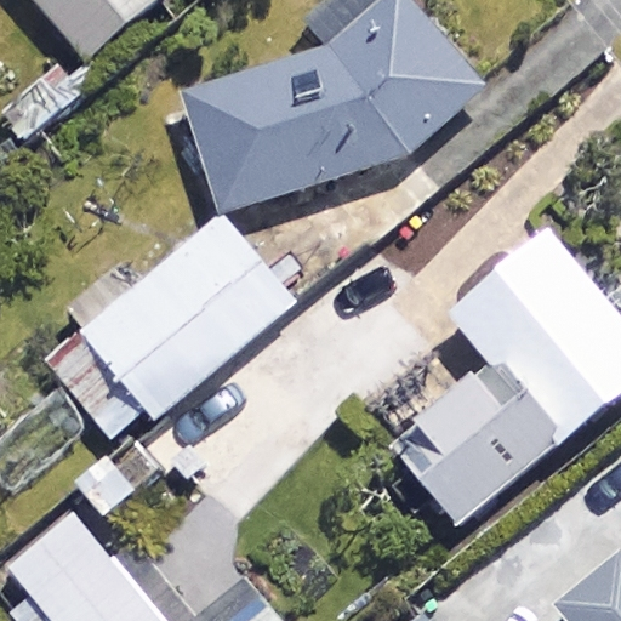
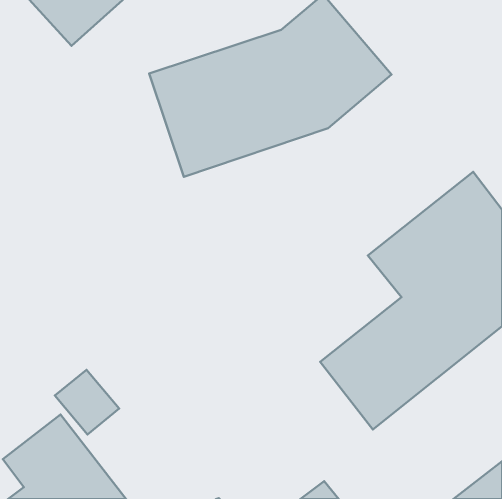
building: [47,216,292,445] -> none

